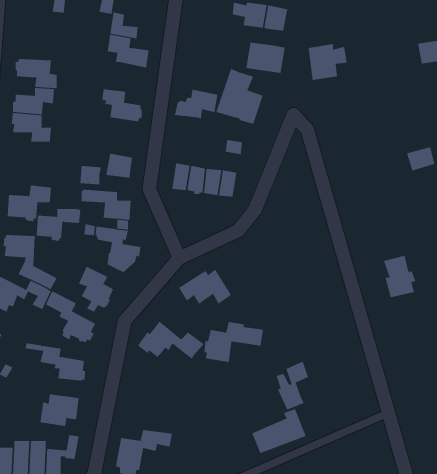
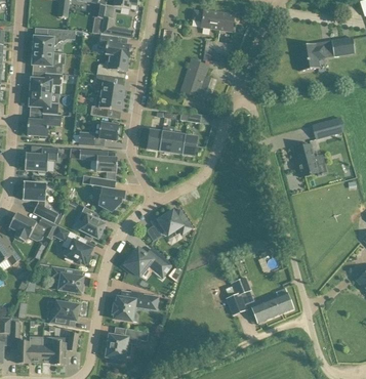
building: none -> [32,28,76,52]
building: [308,44,348,81] -> [296,42,326,70]
building: [174,89,218,119] -> [96,54,129,77]
building: none -> [90,95,123,117]
building: [36,208,81,241] -> [28,114,62,138]
building: [383,255,416,298] -> [294,144,319,176]
building: [203,321,264,363] -> [113,290,158,321]
building: [252,409,307,454] -> [252,288,293,322]

